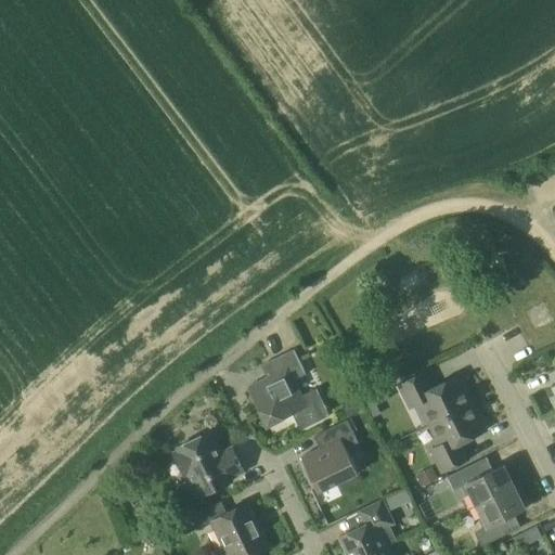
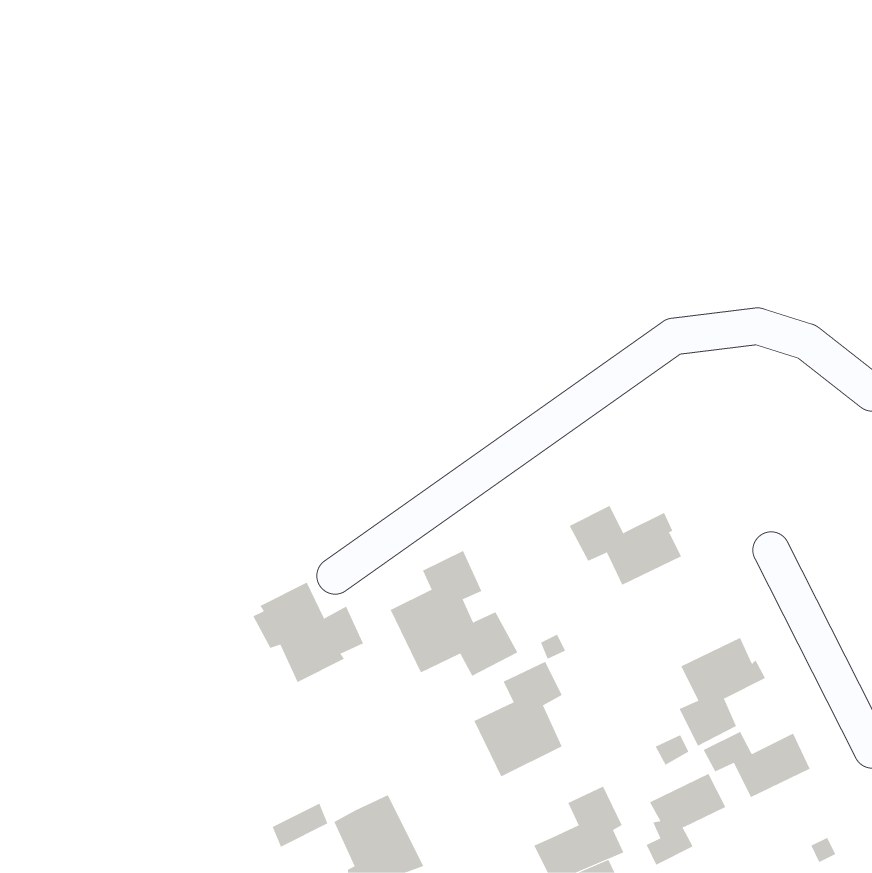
building: [398,372,469,423] -> [569,505,682,586]
building: [172,433,243,496] -> [253,582,364,683]
building: [474,488,525,546] -> [646,773,726,865]

